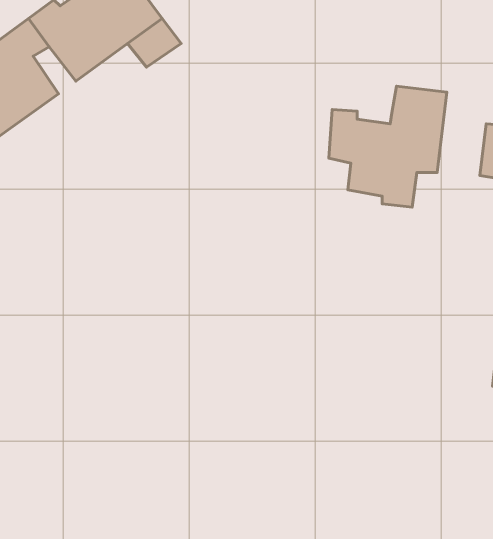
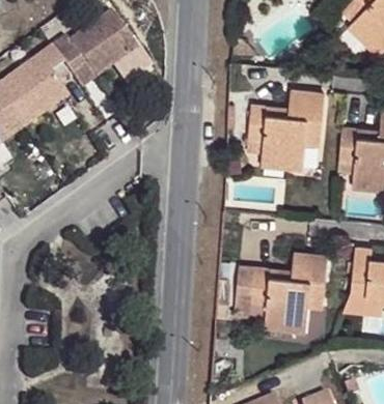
building: none -> [230,249,325,325]

